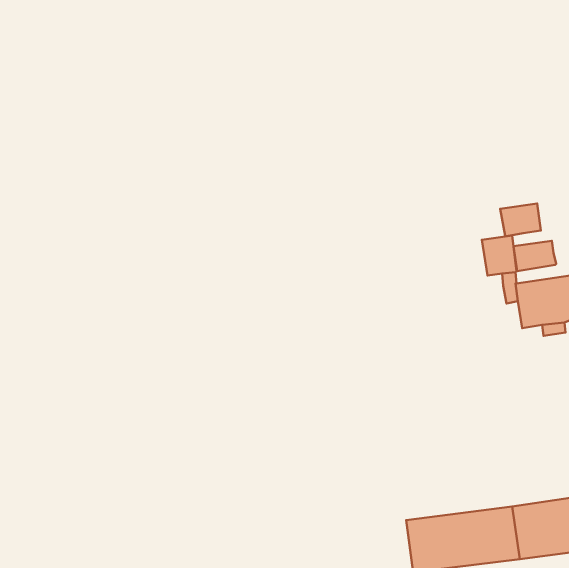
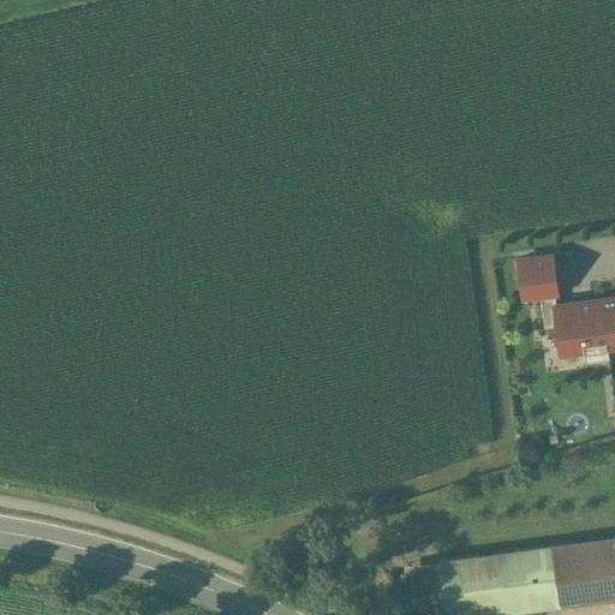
building: [500,203,541,236] -> none
building: [513,241,556,271] -> none

